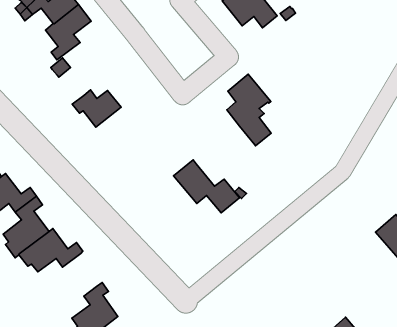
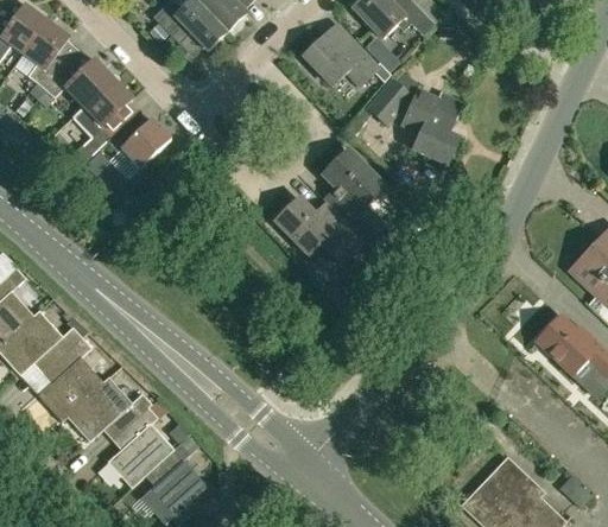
building: none -> [365,80,408,126]
building: none -> [401,89,460,164]
building: [72,90,121,127] -> [106,119,171,169]
building: [174,160,240,213] -> [274,197,365,264]
building: none -> [112,407,173,488]

